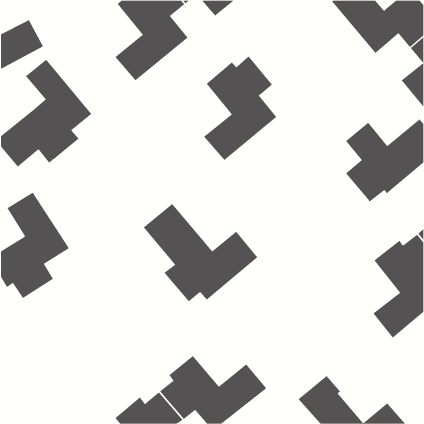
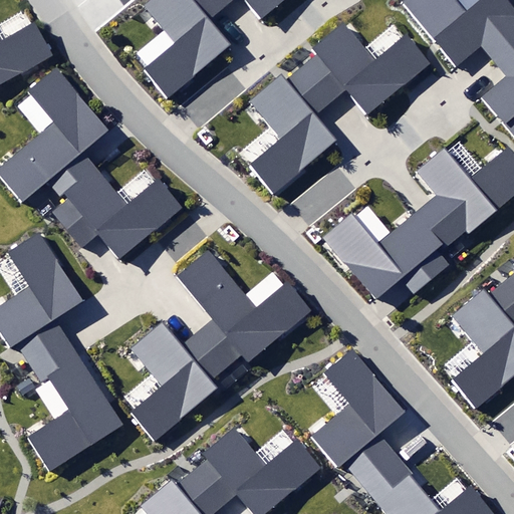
building: none -> [301,23,431,116]
building: none -> [52,168,179,256]
building: none -> [325,210,451,300]
building: none -> [130,320,228,440]
building: none -> [27,337,121,471]
building: none -> [310,347,406,483]

